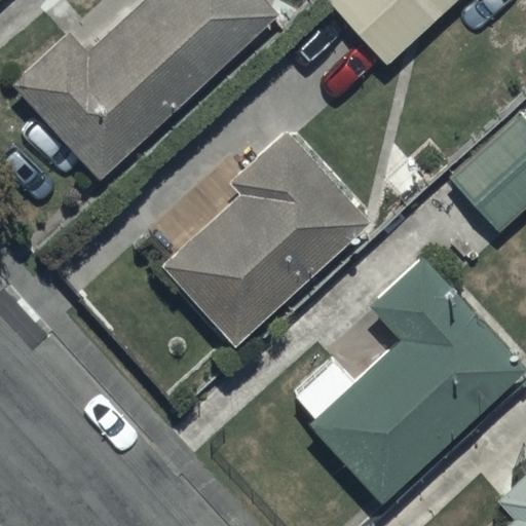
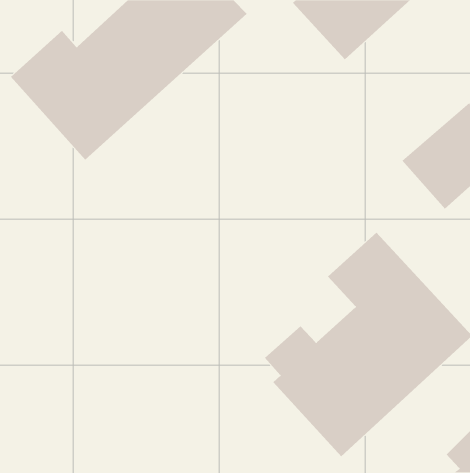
building: [163,128,371,345] -> none

